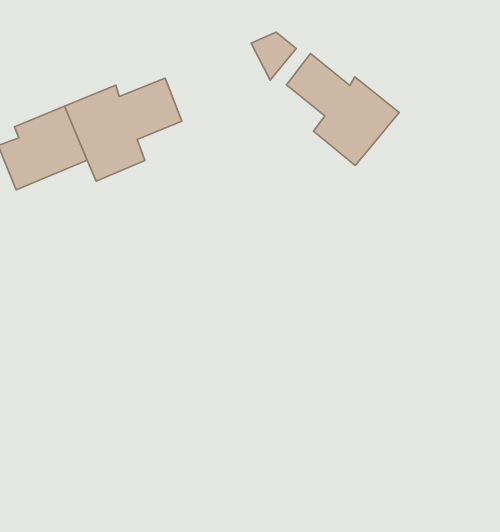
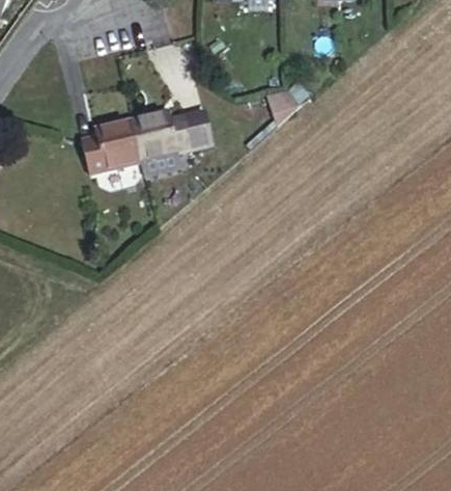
building: [287,54,399,166] -> none

